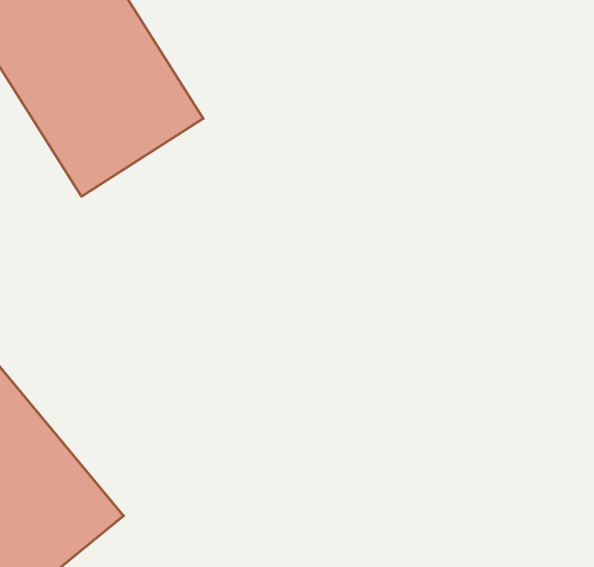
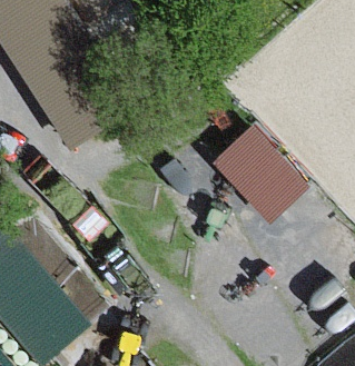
building: none -> [211,127,308,224]

